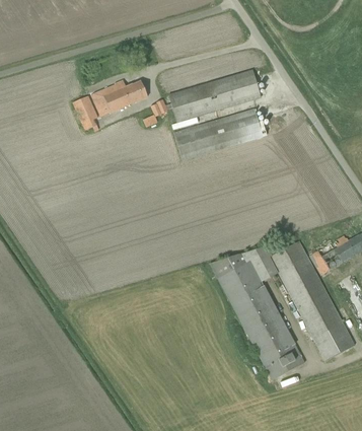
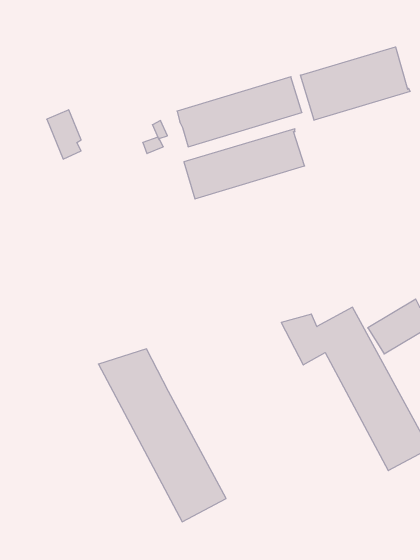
building: none -> [300,47,410,120]
building: [91,78,147,115] -> none
building: [210,250,304,378] -> [98,349,226,522]

